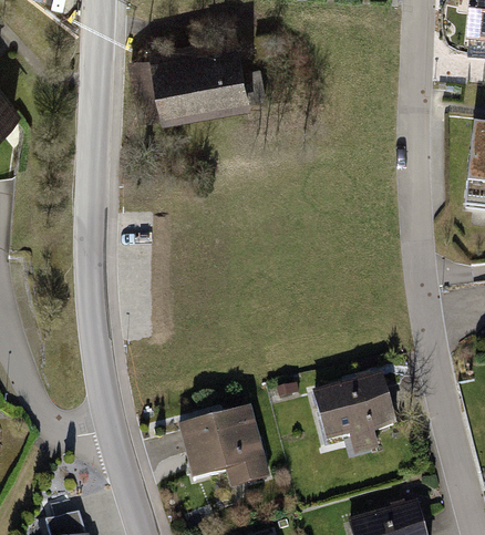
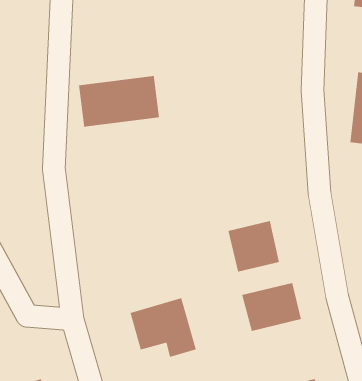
building: [147,59,249,124] -> [78,75,160,128]
building: none -> [227,220,280,273]

